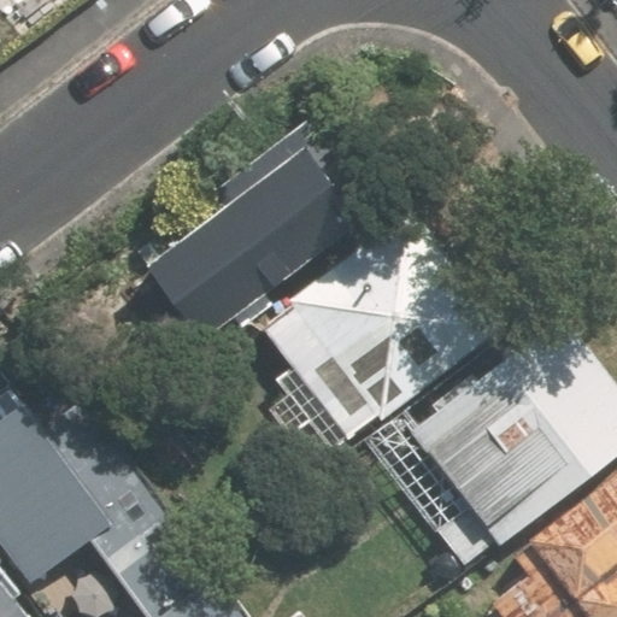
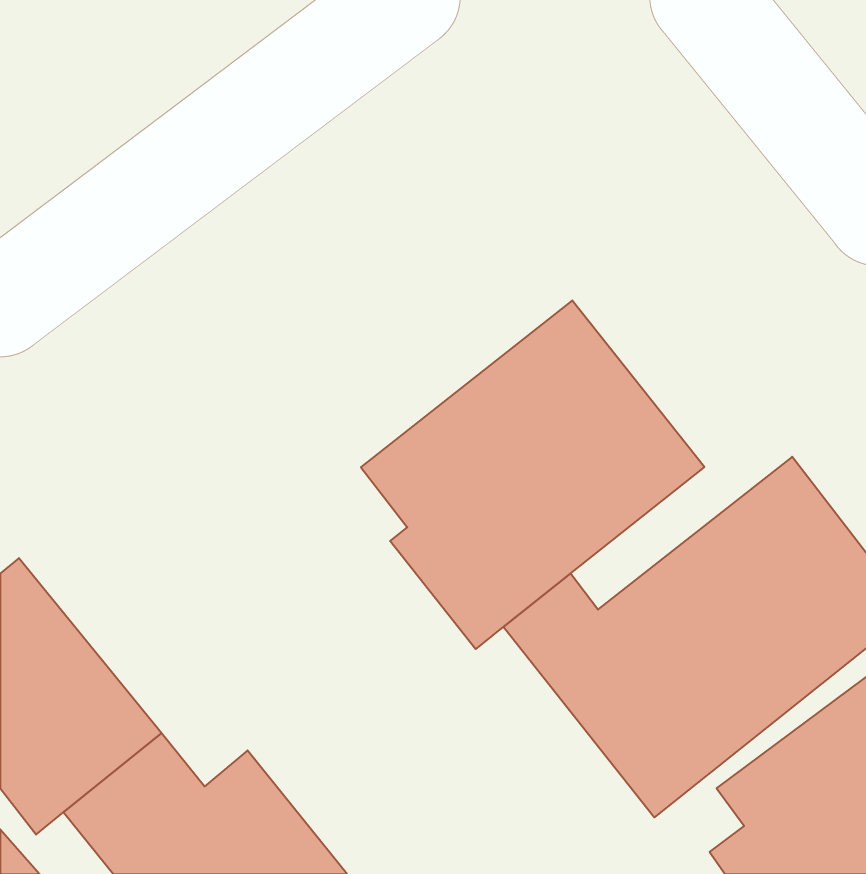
building: [139,136,354,343] -> none

